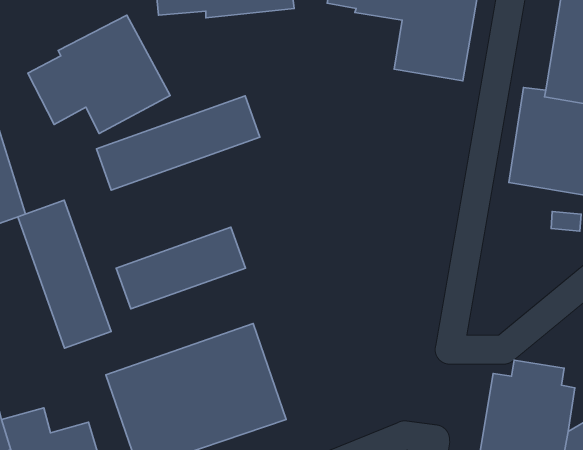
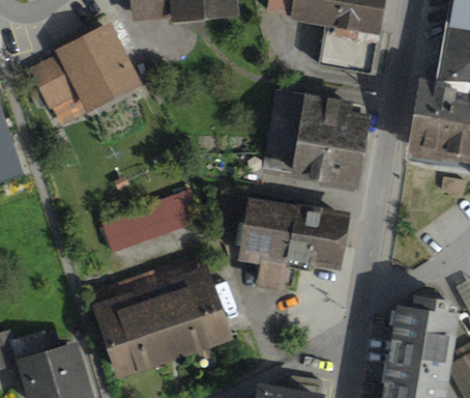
building: [96,96,260,190] -> none
building: none -> [264,90,371,192]
building: [18,200,111,348] -> none
building: none -> [236,196,350,290]

